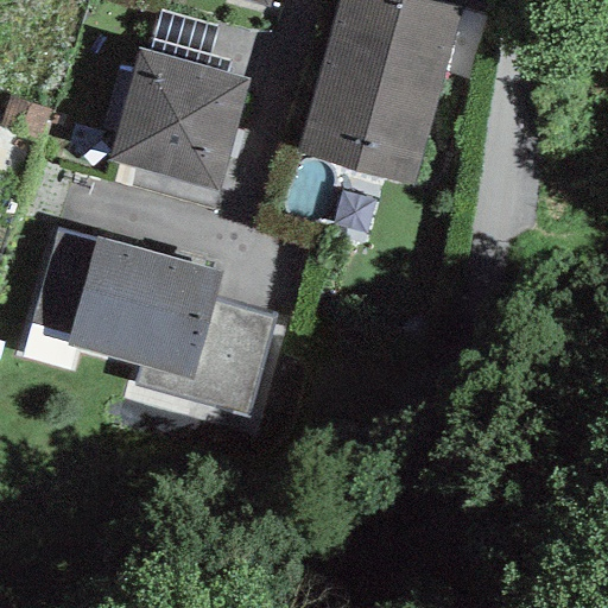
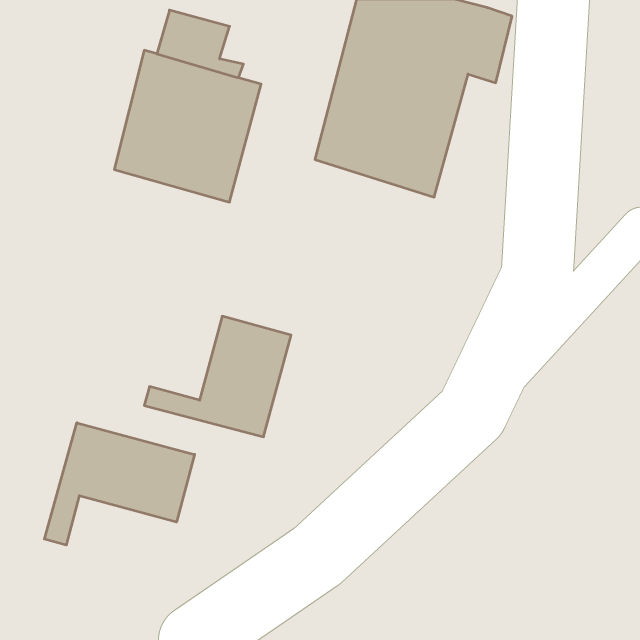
building: [66,238,221,379] -> none
building: none -> [44,423,195,545]

